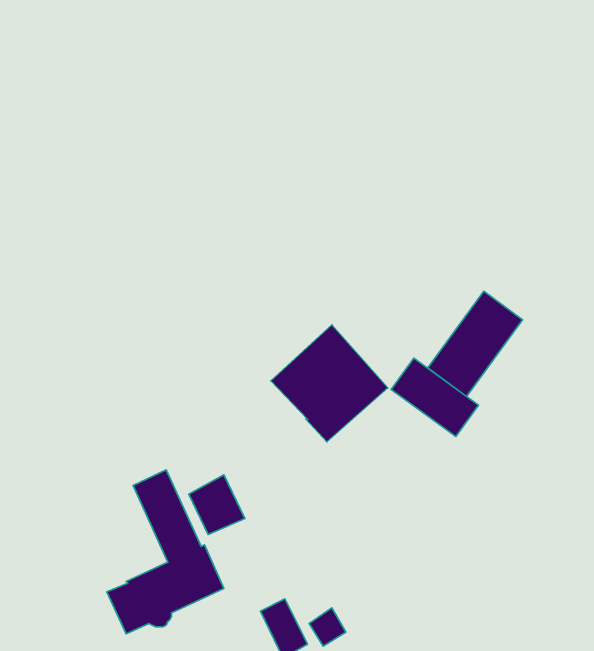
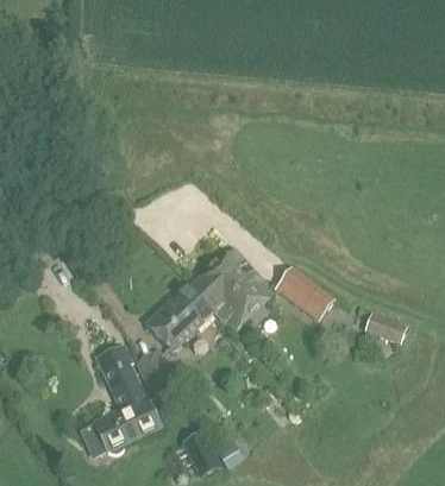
building: [428,291,523,396] -> none
building: none -> [146,284,217,349]
building: none -> [364,310,407,342]

